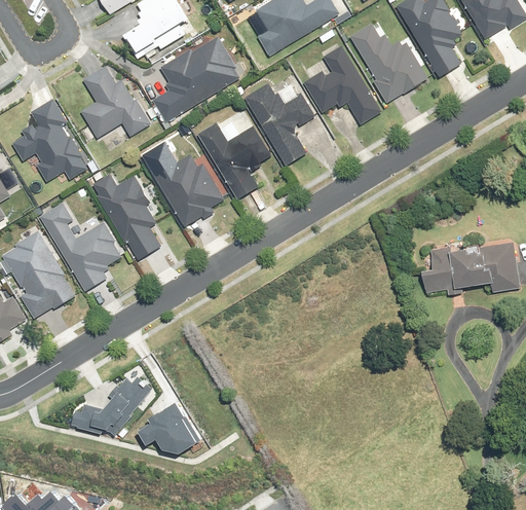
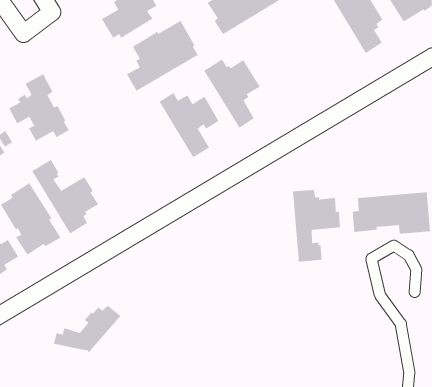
building: [350,24,428,103] -> none
building: [303,45,382,125] -> none
building: [81,68,150,138] -> none
building: [137,142,221,228] -> none
building: [93,175,161,260] -> none
building: none -> [292,189,341,262]
building: [133,402,195,453] -> none

